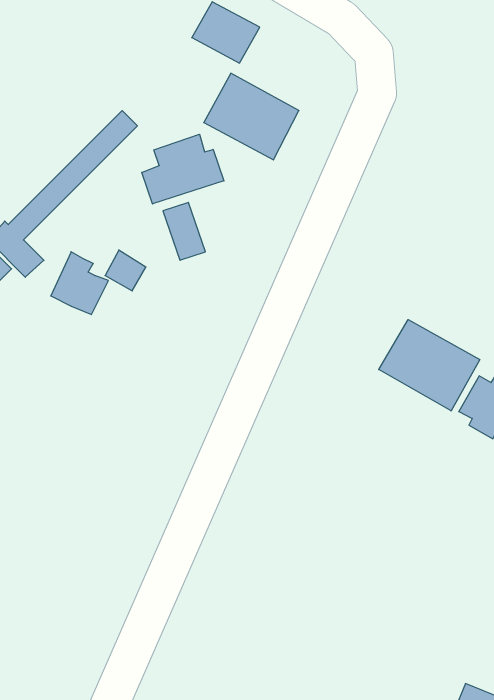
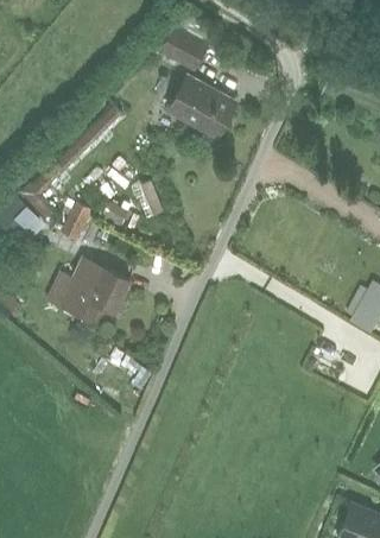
building: [142,134,224,204] -> none
building: [379,320,480,411] -> none
building: none -> [46,266,129,324]

